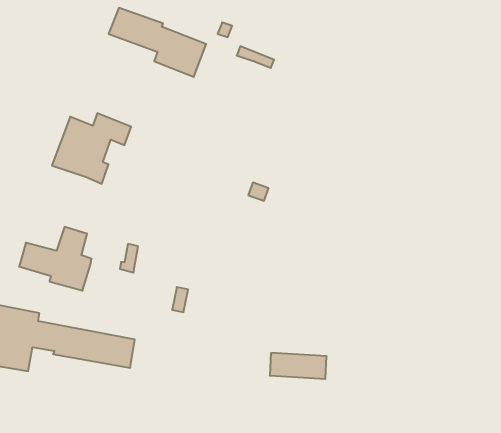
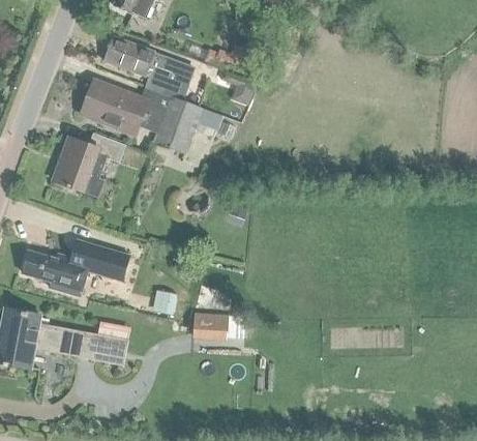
building: none -> [81,80,220,152]
building: none -> [79,242,117,276]
building: [270,353,327,379] -> [192,313,244,336]

